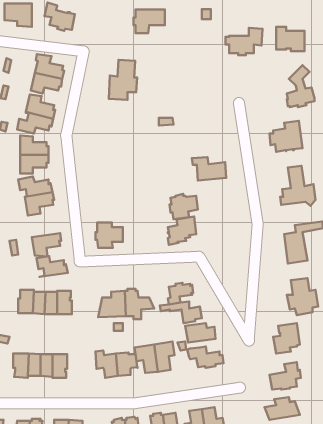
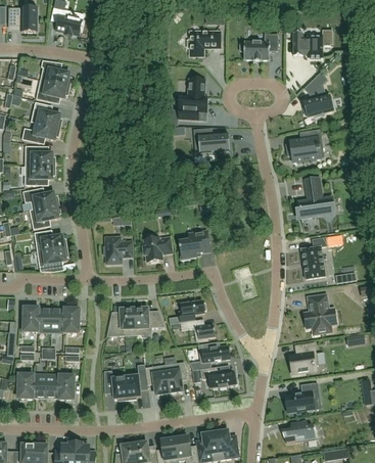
building: [134,10,165,33] -> [187,31,220,55]
building: [109,60,137,100] -> [178,78,207,120]
building: [192,157,226,181] -> [193,128,229,152]
building: [170,194,198,219] -> [142,235,172,262]
building: [37,256,68,277] -> [34,230,66,251]

